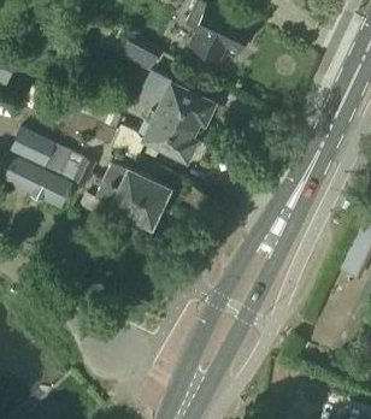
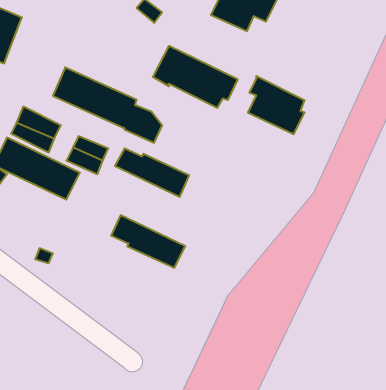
building: [145,107,195,159] -> [248,76,305,134]
building: [95,181,161,228] -> [111,215,185,268]

